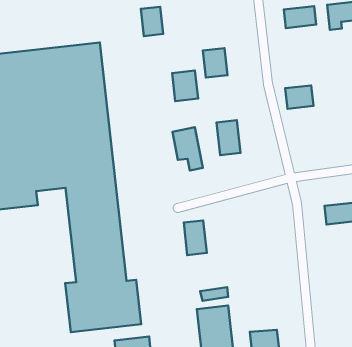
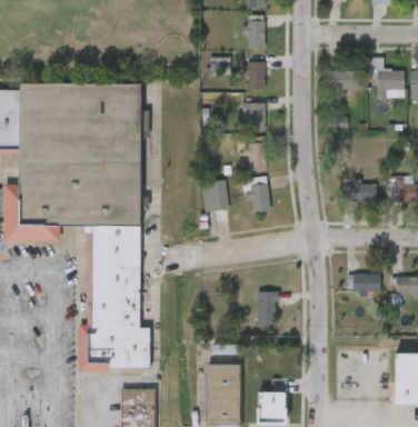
building: [141,7,163,36] -> [246,61,266,89]
building: [172,70,198,101] -> [243,140,267,169]
building: [285,85,314,109] -> [350,179,377,200]
building: [184,220,207,255] -> [258,291,278,325]

